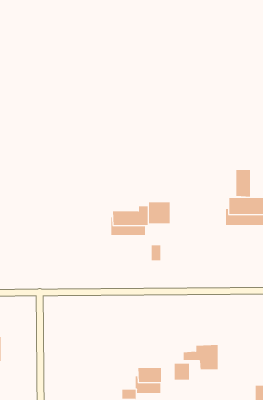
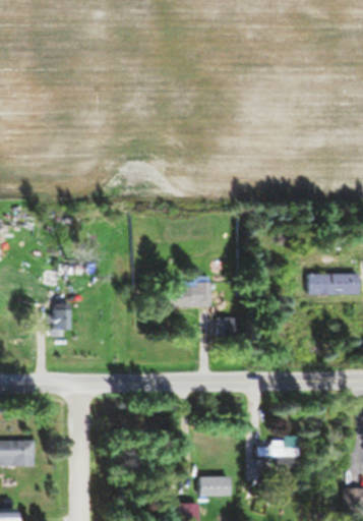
building: [236,169,250,197] -> none
building: [148,201,170,224] -> none
building: none -> [53,298,71,325]

